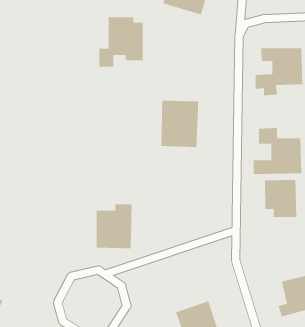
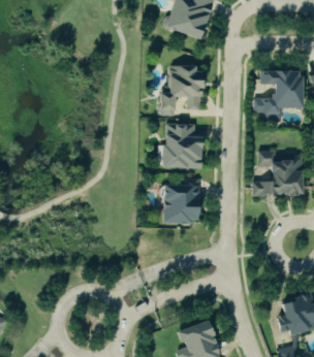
building: [99,17,144,67] -> [159,66,203,116]
building: [265,179,297,218] -> none
building: [96,204,132,249] -> [162,178,198,223]

